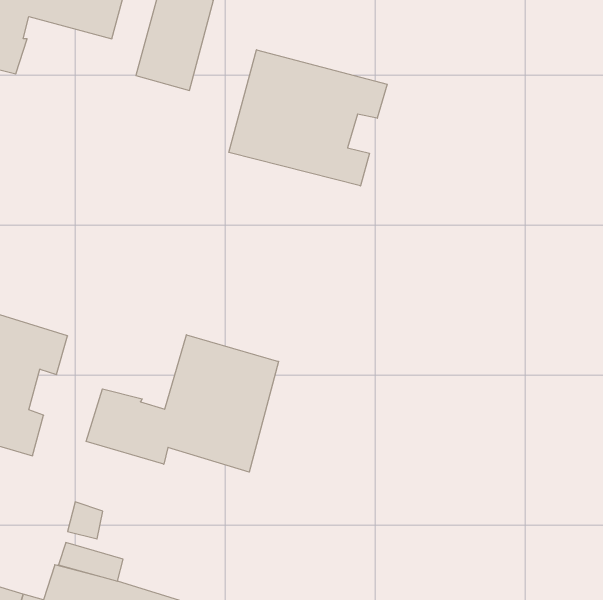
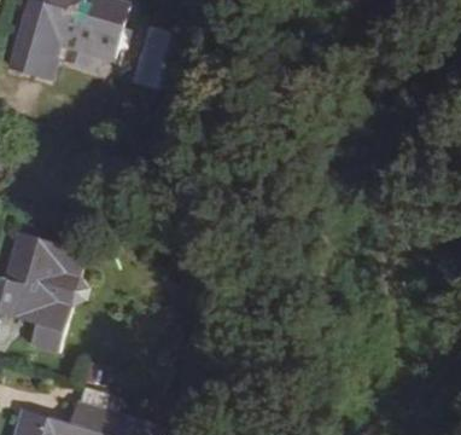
building: [229,50,387,186] -> none
building: [86,335,279,472] -> none

